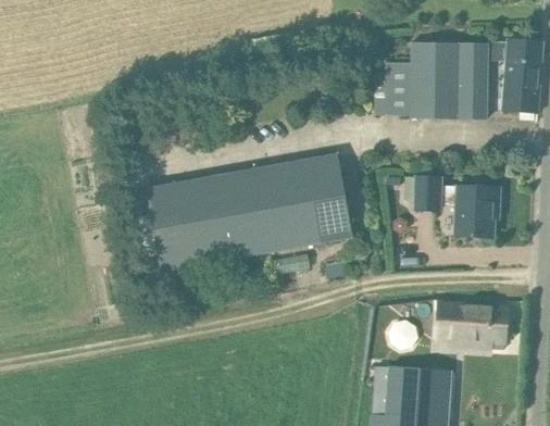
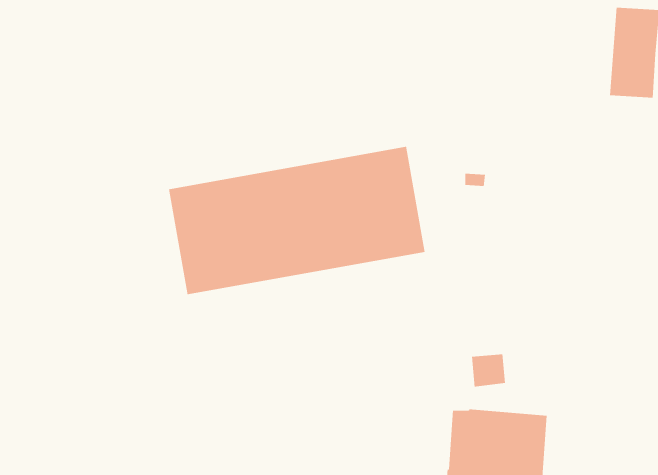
building: [373,41,488,120] -> none
building: [403,175,498,237] -> none
building: [435,302,507,349] -> none

